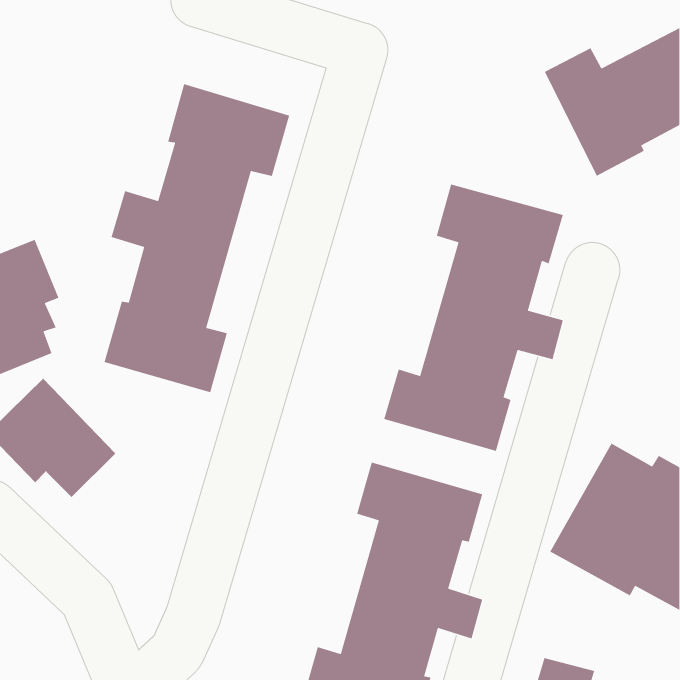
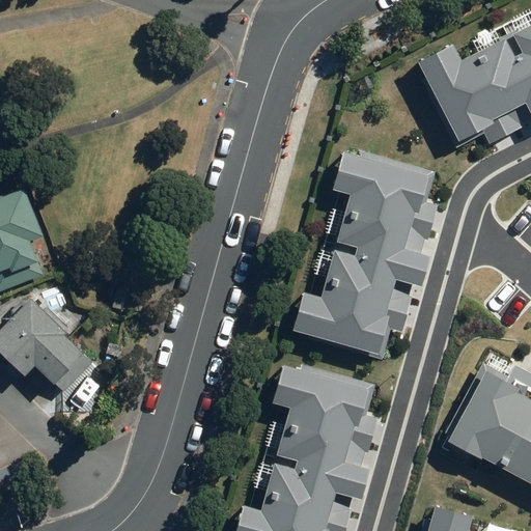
building: [103,83,290,393] -> none

